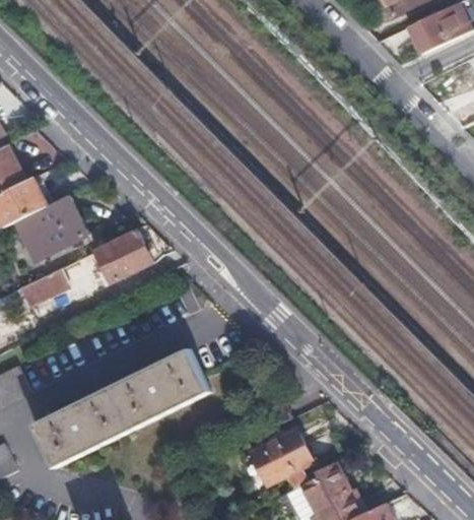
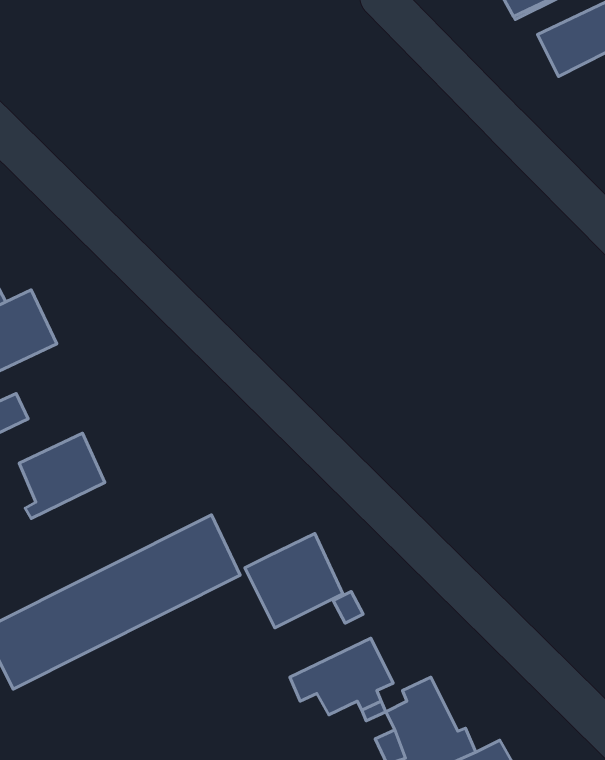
building: [92,230,150,287] -> [19,433,105,519]
building: none -> [245,533,343,628]

